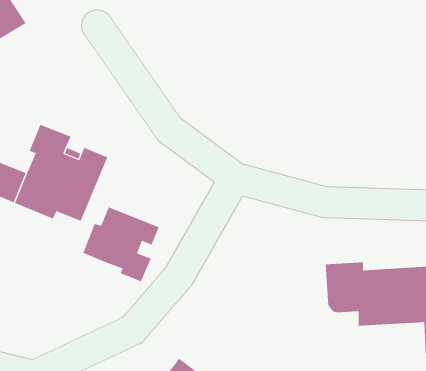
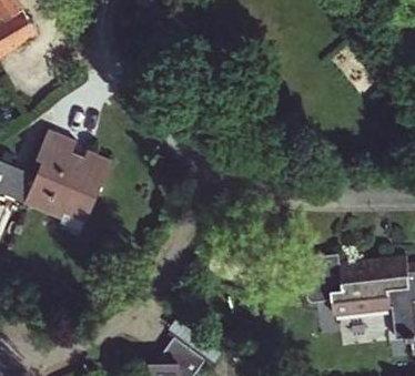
building: [82,206,160,282] -> none

